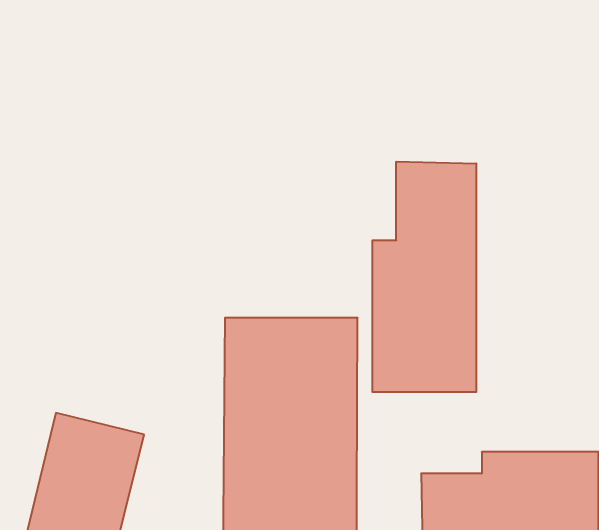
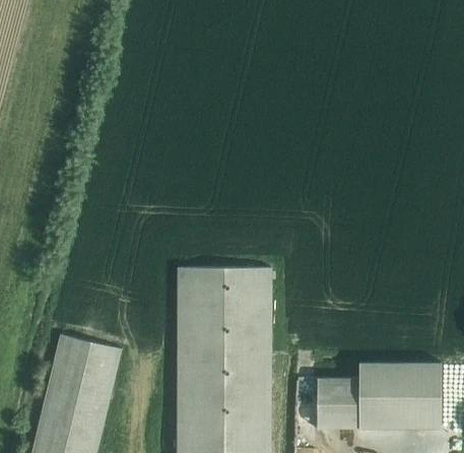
building: [372,162,476,392] -> none

